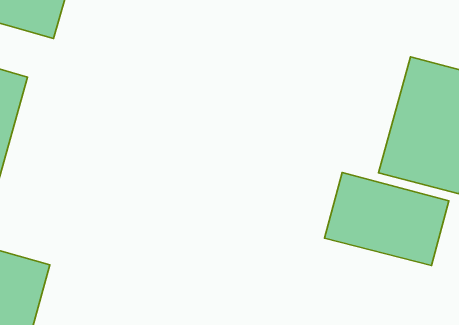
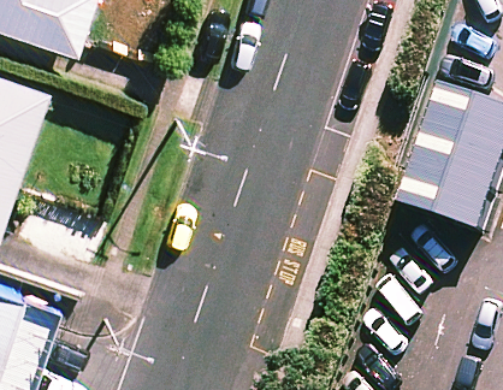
building: [324,173,449,266] -> none

